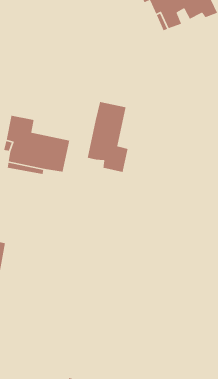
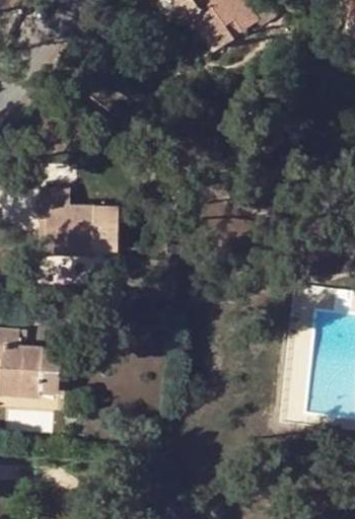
building: [87,101,129,173] -> none

